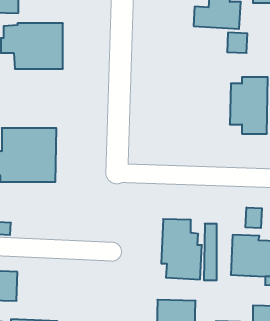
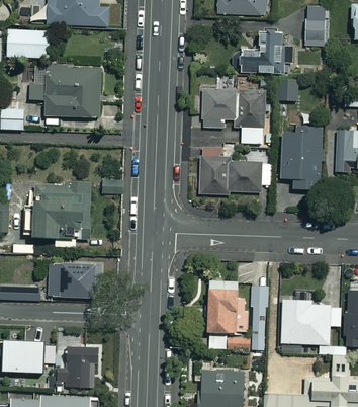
building: none -> [200,89,264,143]
building: none -> [198,148,271,194]
building: none -> [50,261,100,296]
building: [246,207,262,228] -> none
building: none -> [58,344,100,386]

